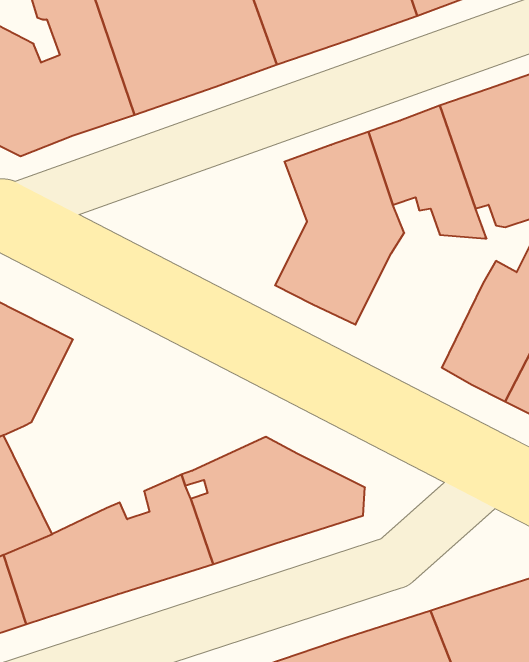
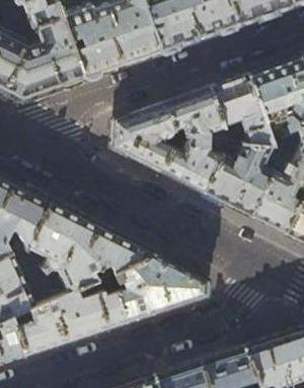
building: none -> [112,105,176,172]
building: none -> [203,144,273,216]
building: none -> [23,201,154,292]

